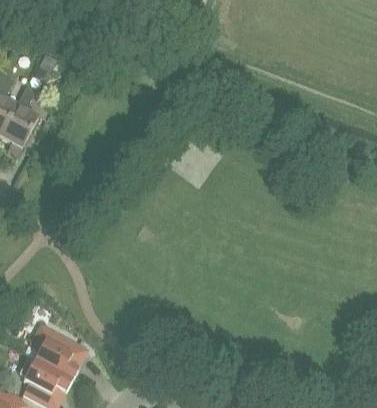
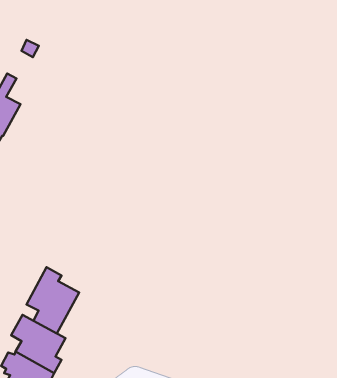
building: none -> [26,267,79,333]

